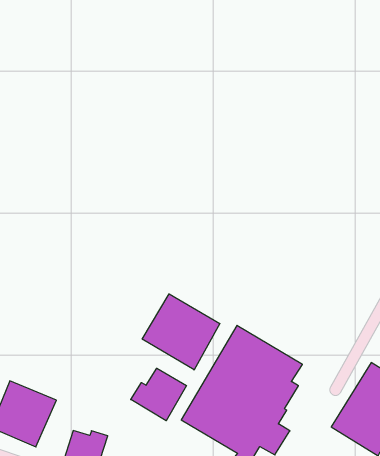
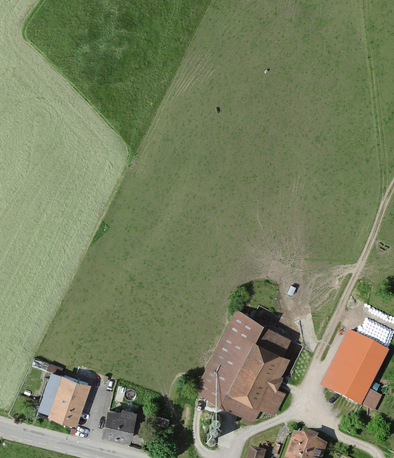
building: [142,294,220,370] -> none
building: [131,368,186,421] -> none

